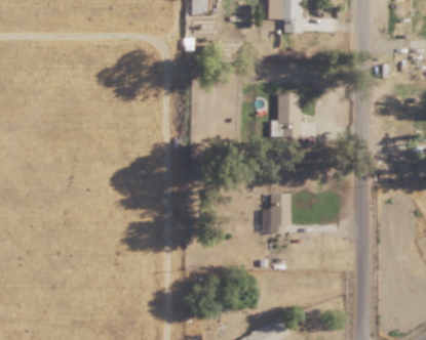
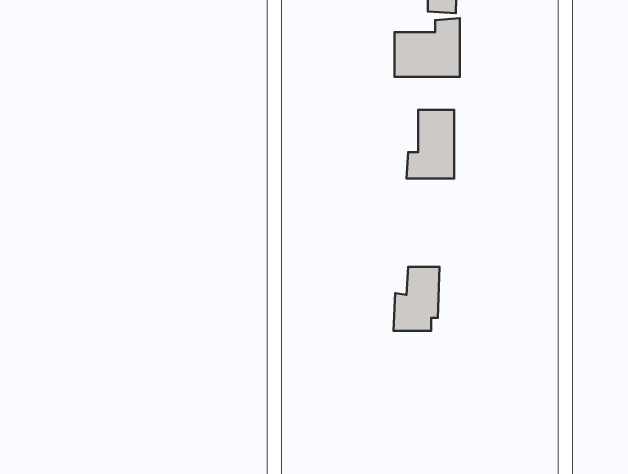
building: none -> [395,18,460,77]

